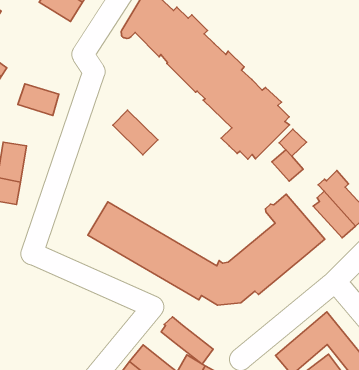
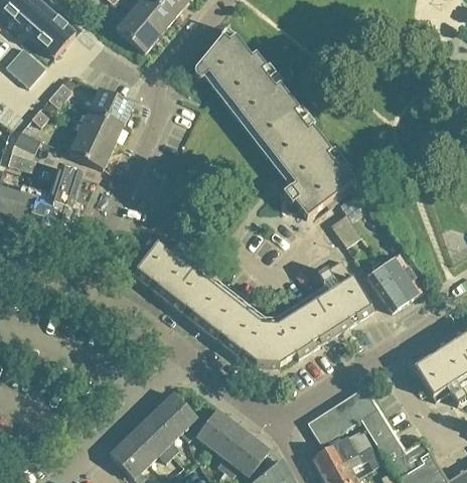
building: none -> [89,89,133,126]
building: none -> [68,131,113,169]
building: [113,110,158,155] -> none
building: [161,317,213,364] -> none

